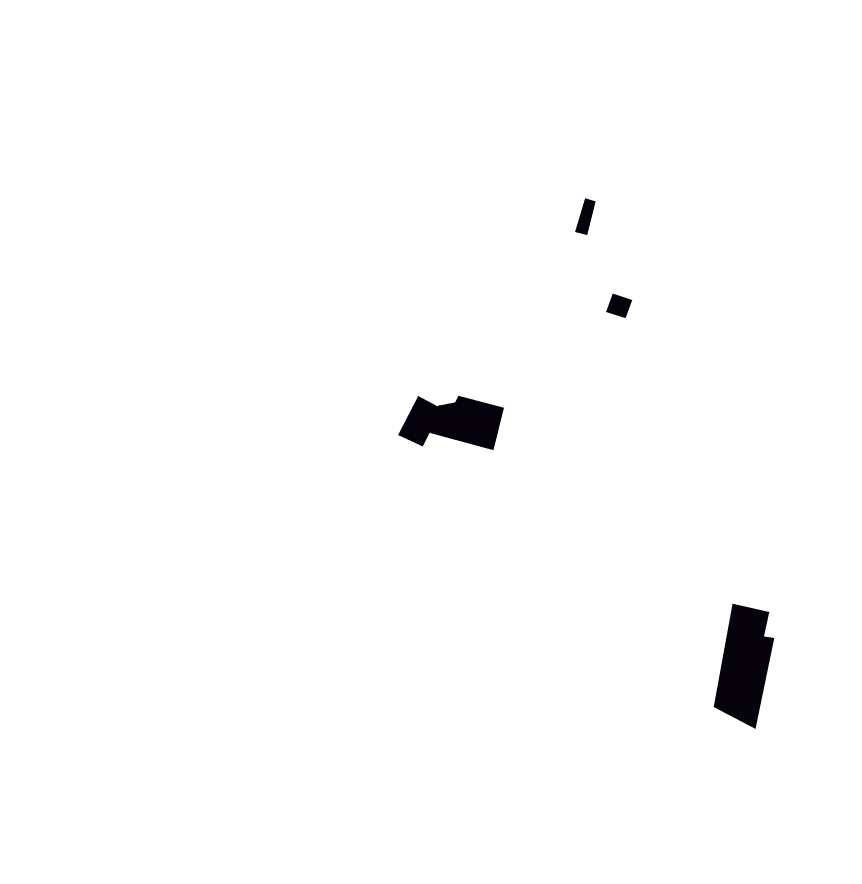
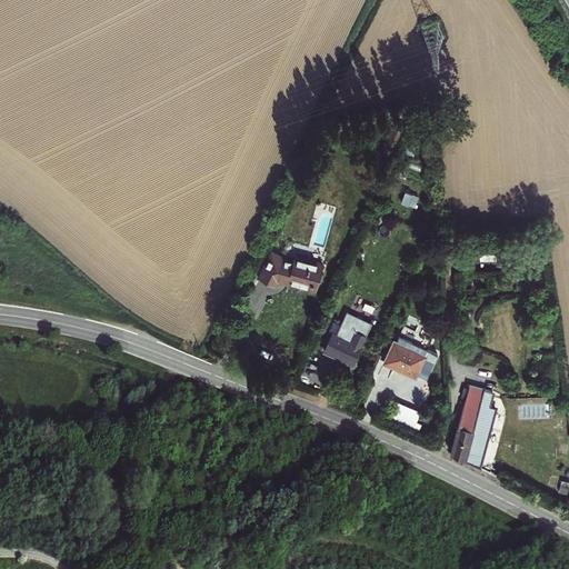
building: none -> [323,316,370,368]
building: none -> [379,341,429,379]

